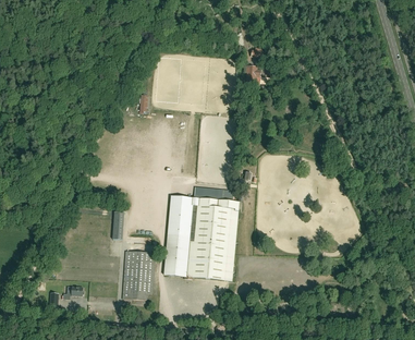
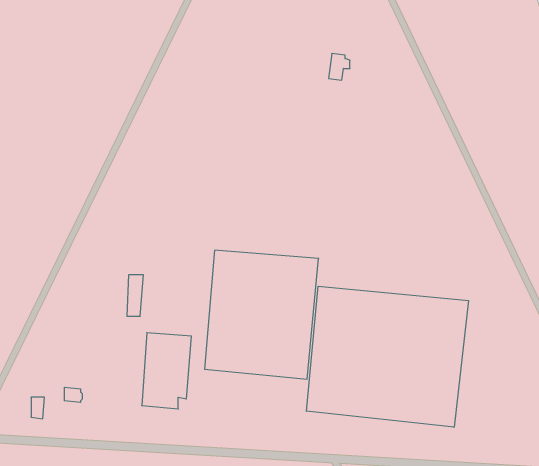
building: none -> [306,286,468,427]

